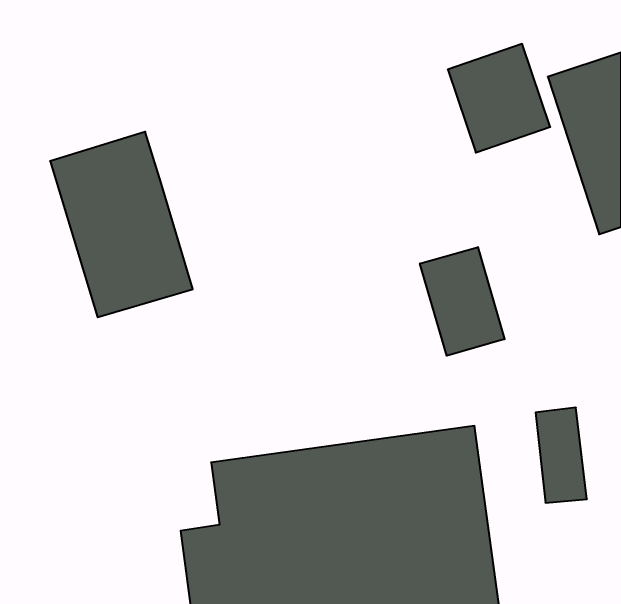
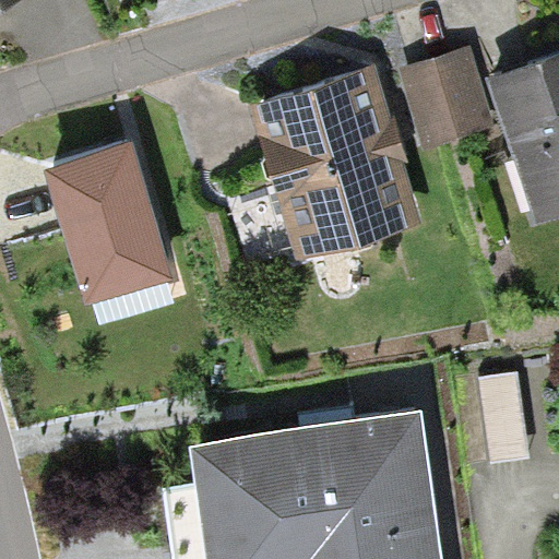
building: none -> [249,71,419,261]
building: [420,247,505,356] -> none

